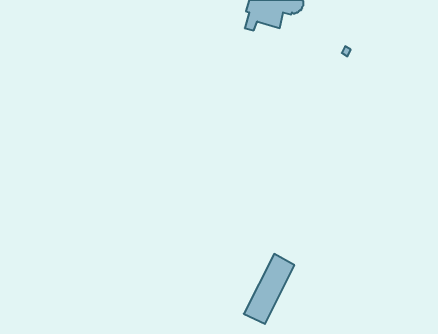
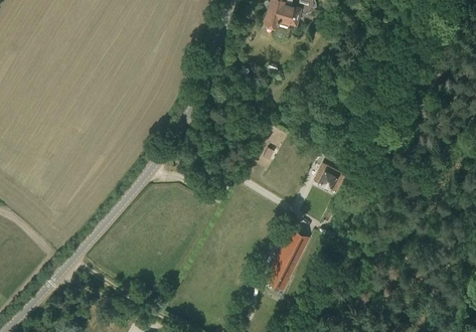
building: none -> [317,163,344,190]

